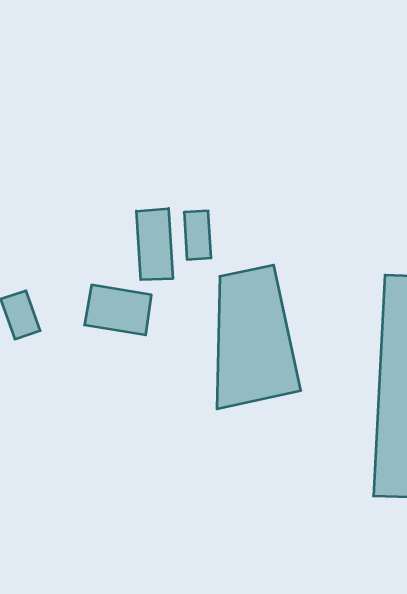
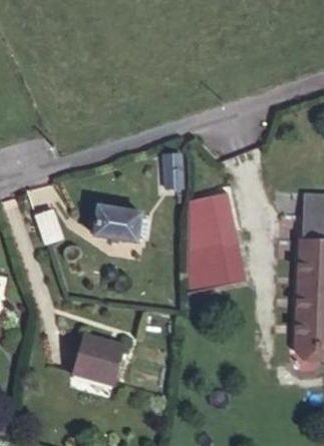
building: [136,208,173,280] -> none
building: none -> [72,335,124,385]

